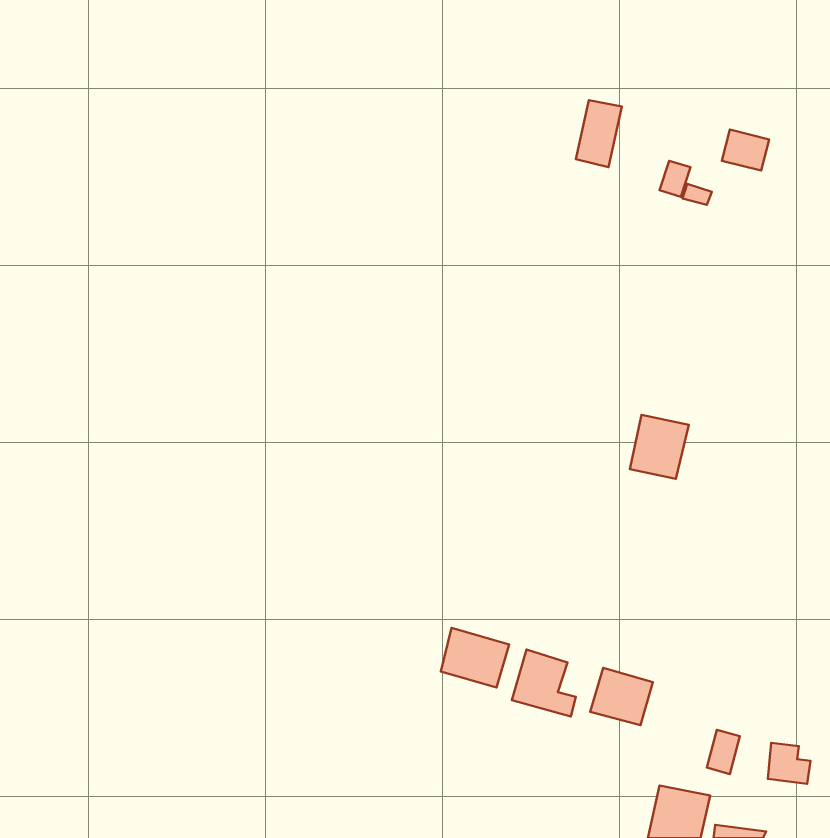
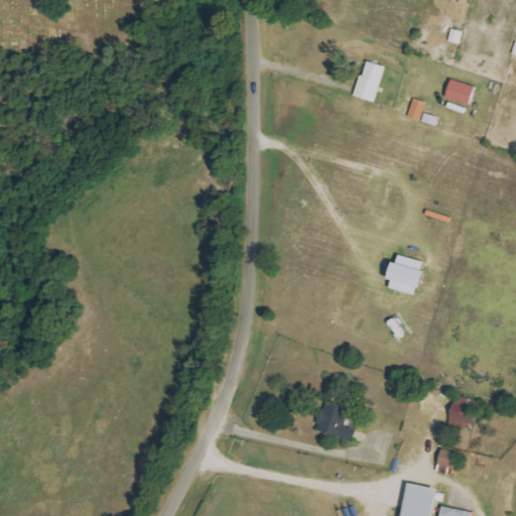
building: [441,628,509,688] -> none
building: [590,668,653,725] -> none
building: [768,743,810,784] -> [447,403,474,428]

